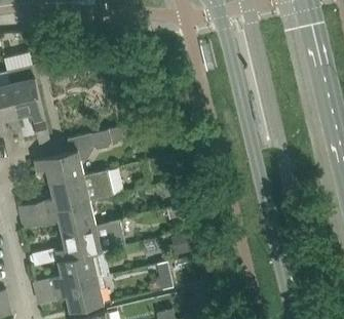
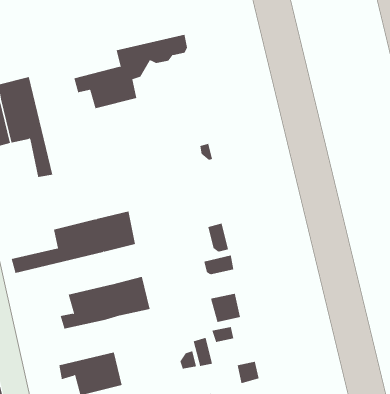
building: [33,126,121,184] -> [73,34,188,109]
building: [20,201,94,234] -> none
building: [50,253,97,288] -> none

